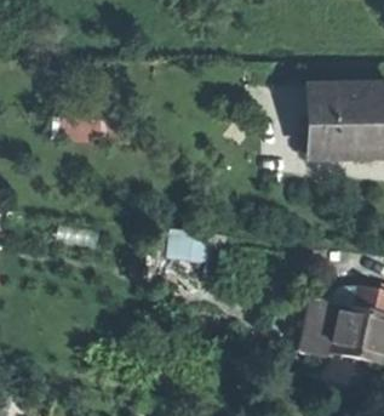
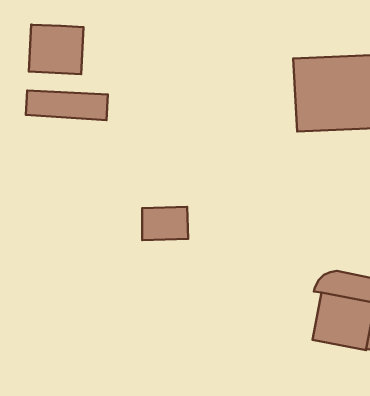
building: none -> [29,25,83,74]
building: [296,301,336,359] -> none

